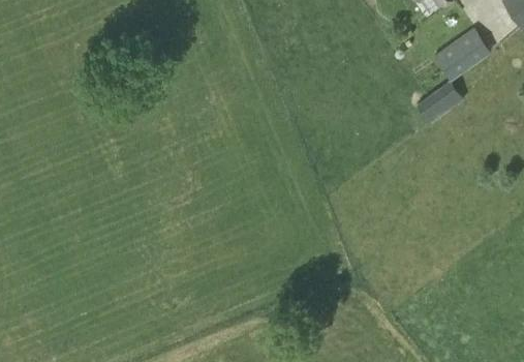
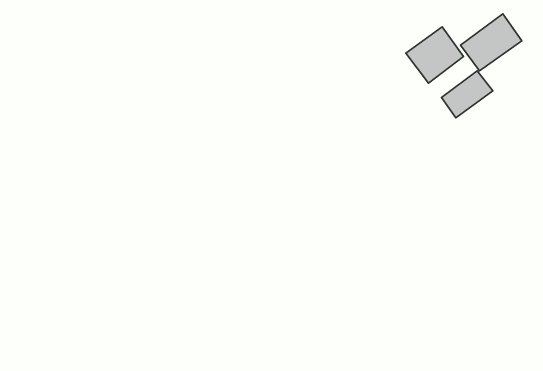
building: none -> [406,27,464,83]

